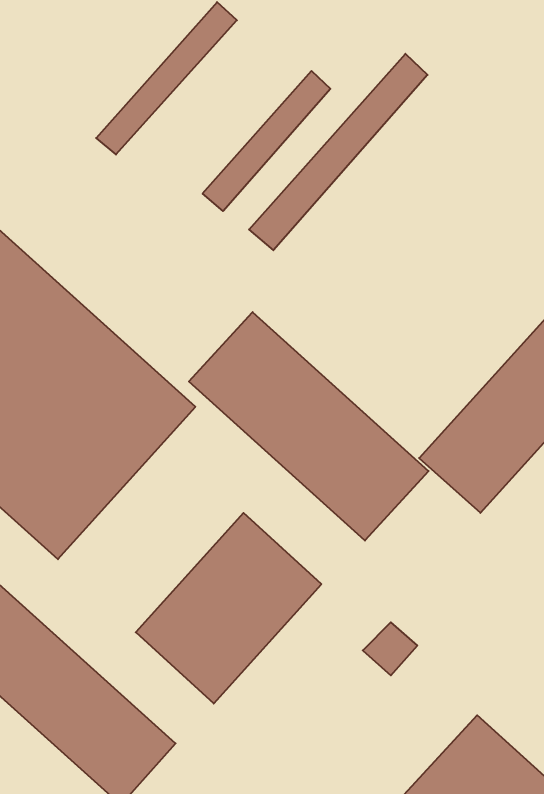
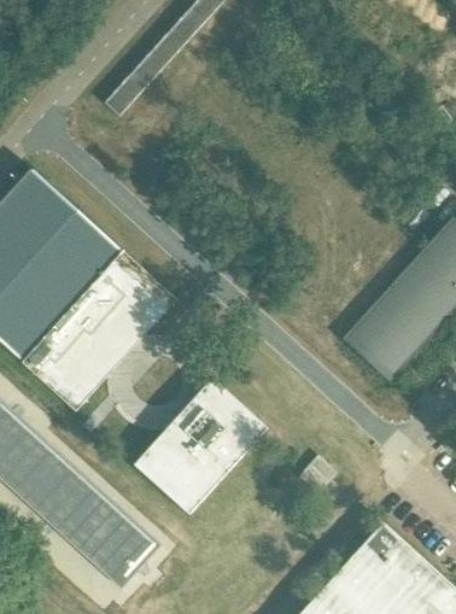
building: [249,54,428,250] -> none
building: [203,71,330,211] -> none
building: [189,312,429,541] -> none

